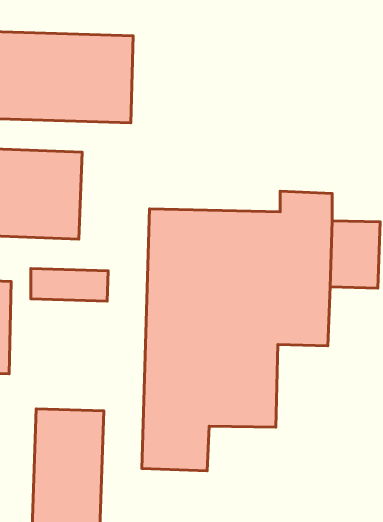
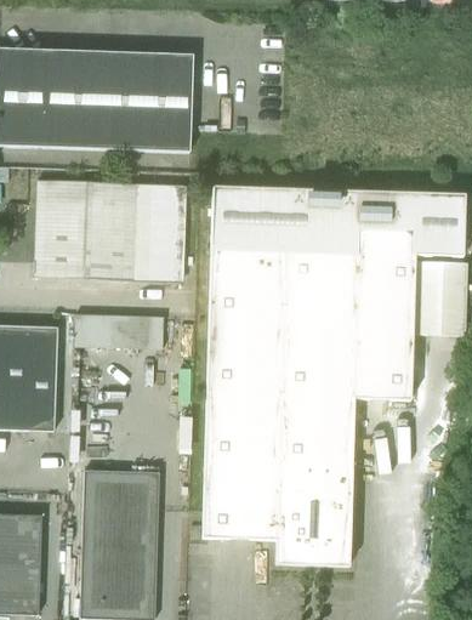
building: none -> [131,183,183,281]
building: none -> [210,186,464,256]
building: none -> [274,489,351,565]

